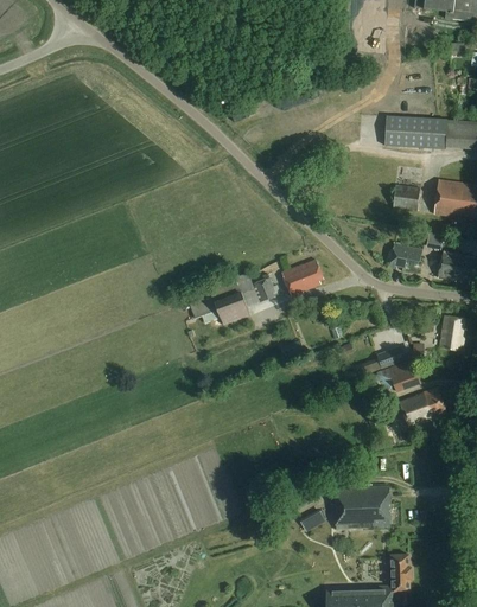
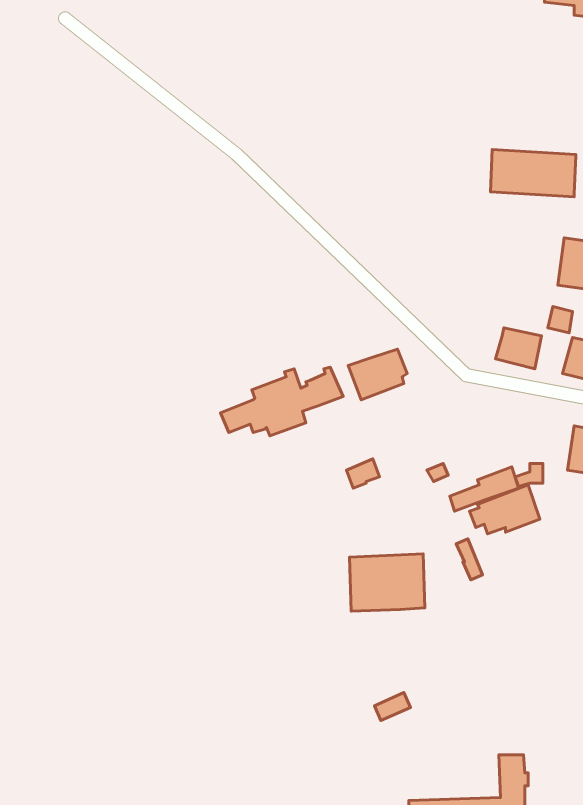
building: [393,185,420,211] -> none
building: [400,386,447,428] -> none
building: [336,486,390,528] -> [350,554,425,611]

